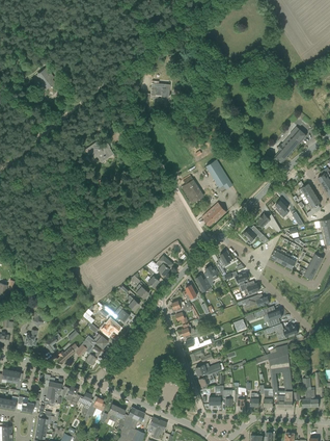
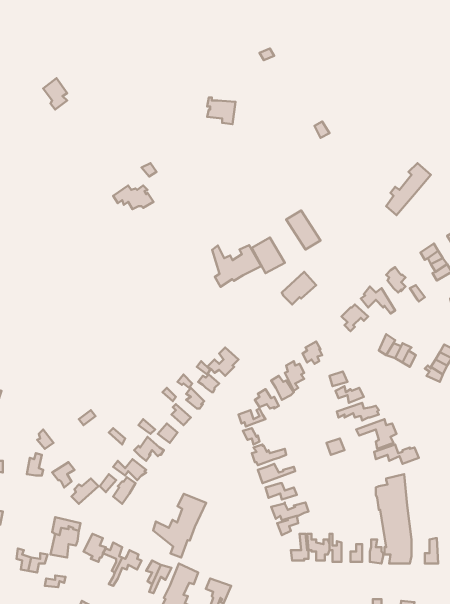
building: none -> [212,245,261,287]
building: none -> [153,494,206,557]

